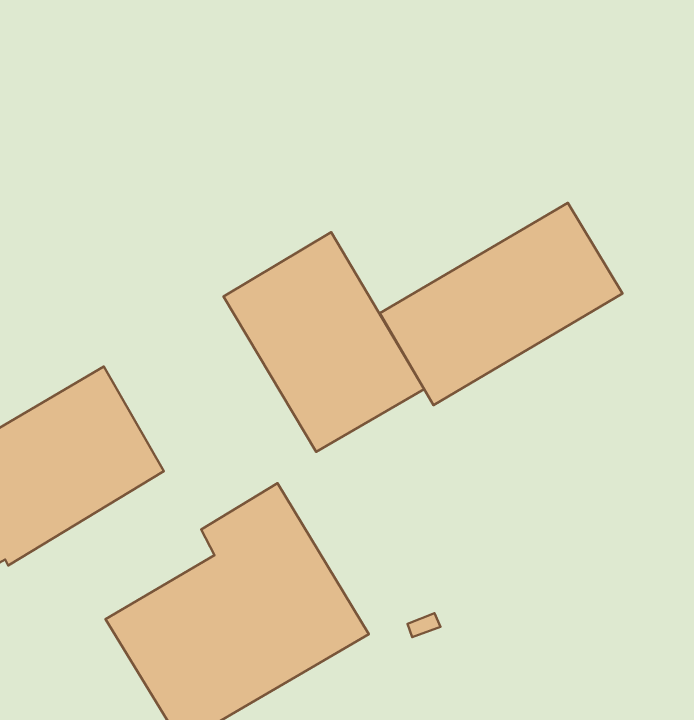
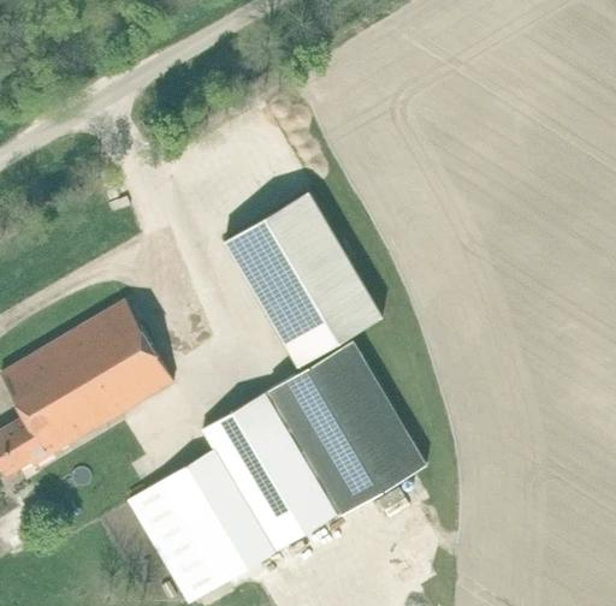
building: [380,203,622,405] -> none
building: none -> [265,343,424,515]

